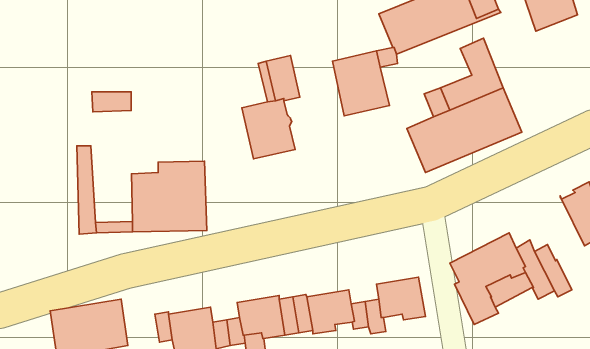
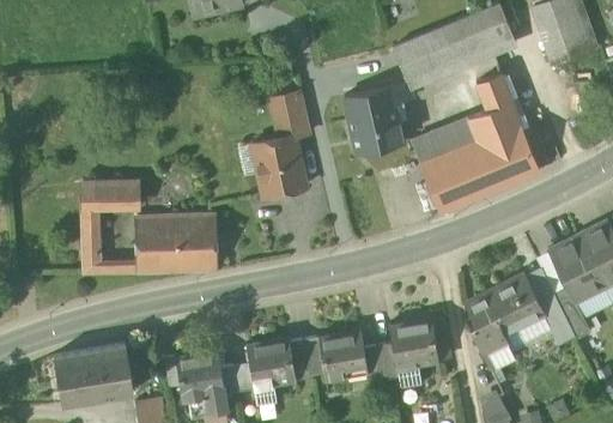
building: [92,92,131,112] -> [98,185,139,205]
building: none -> [412,131,449,167]
building: none -> [550,237,605,303]

